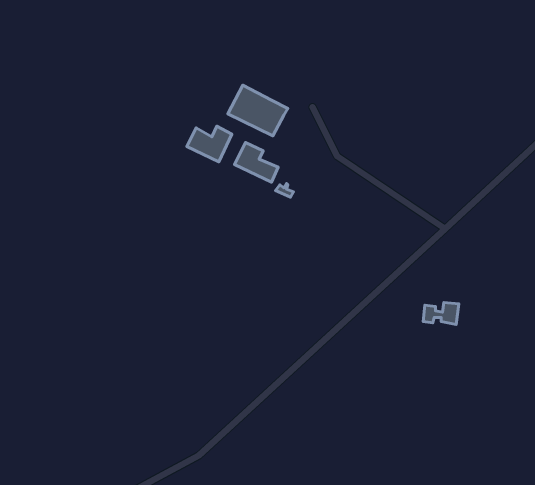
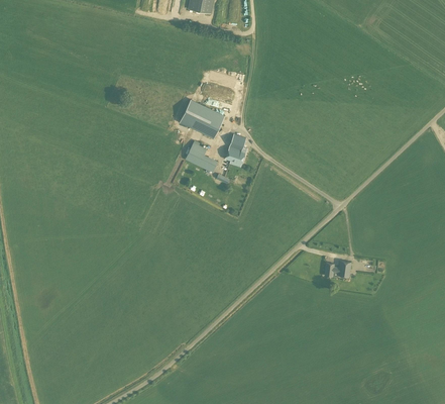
building: [187,126,232,162] -> none
building: none -> [224,132,246,163]

